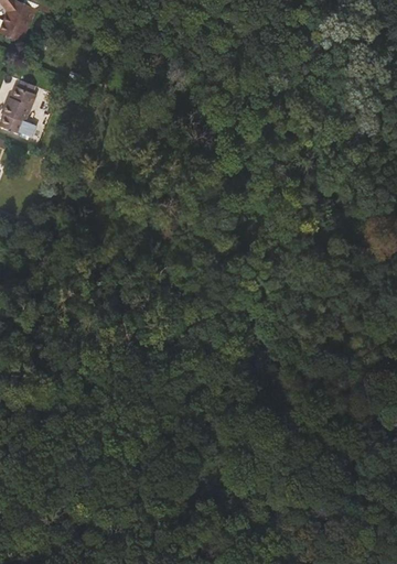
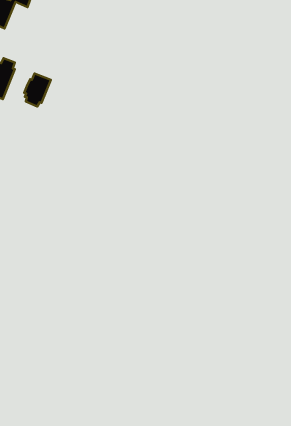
building: none -> [24,73,51,106]

